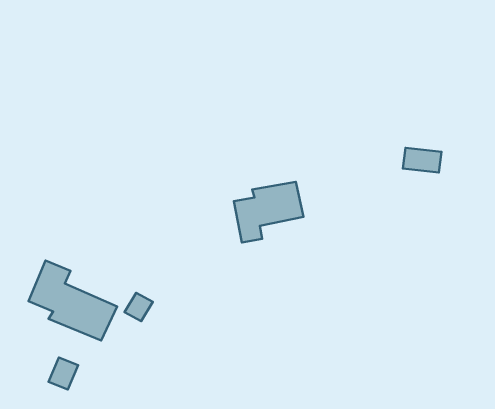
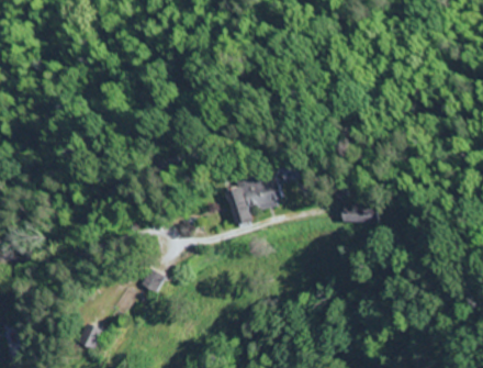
building: [403,148,442,172] -> [341,203,374,224]
building: [28,260,117,341] -> none

